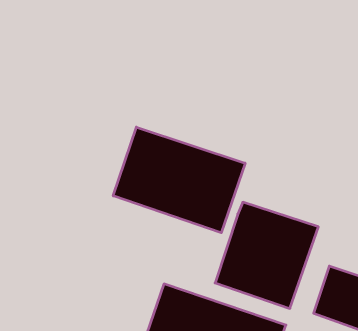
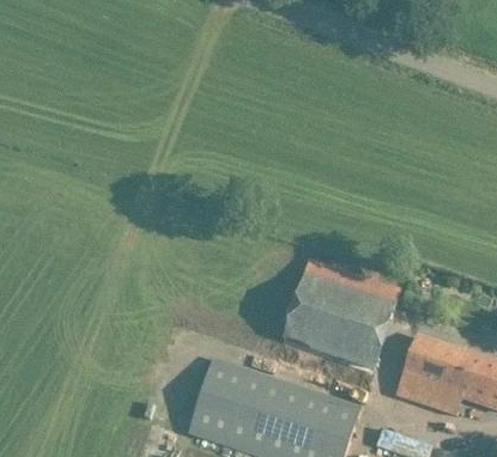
building: [113,127,245,233] -> none

